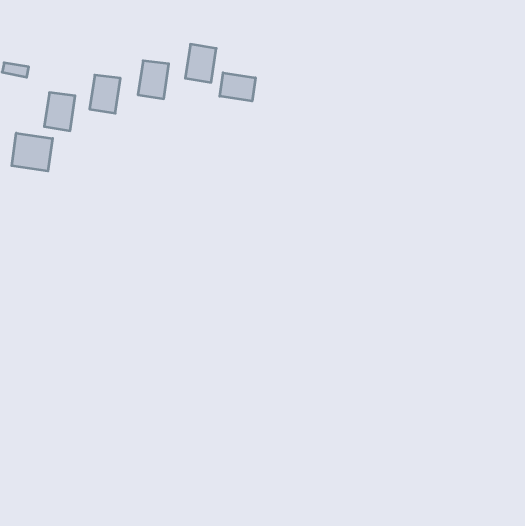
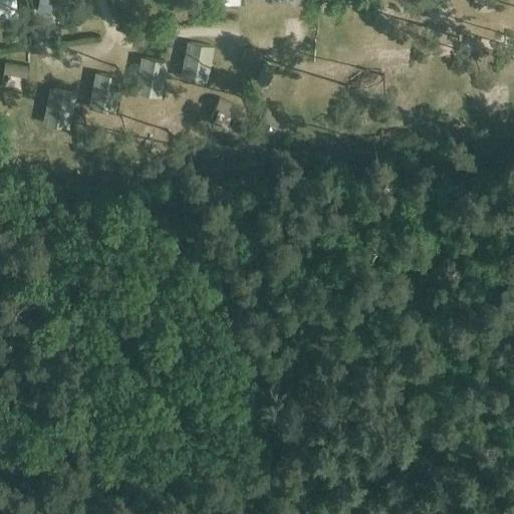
building: [220,73,255,101] -> none
building: [12,133,53,171] -> none

